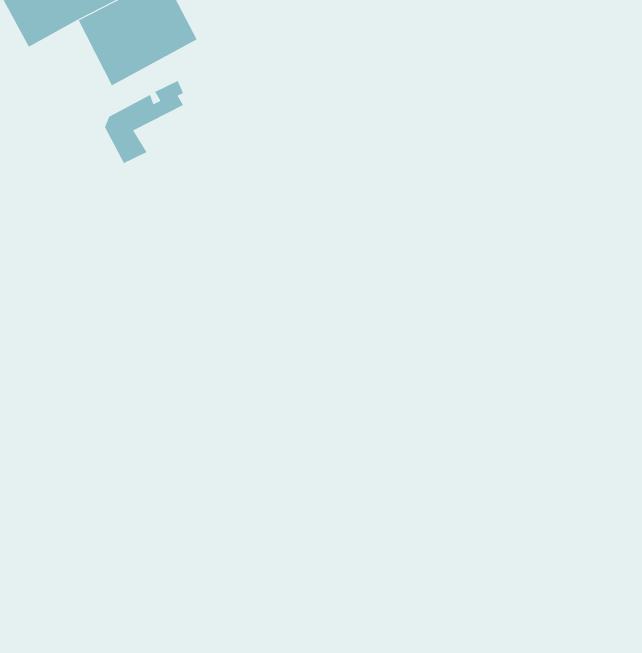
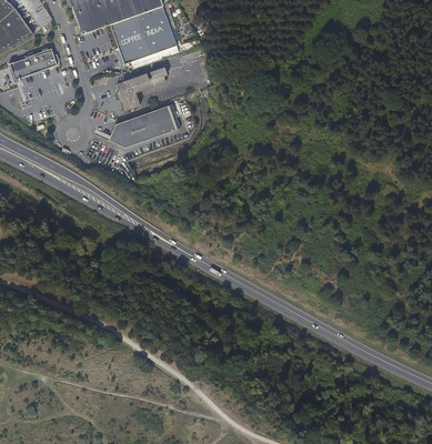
building: none -> [110,102,183,145]

